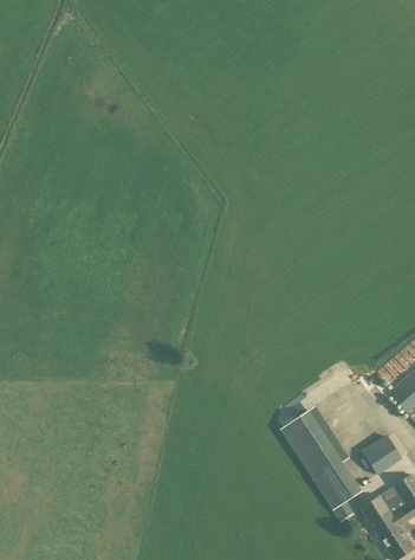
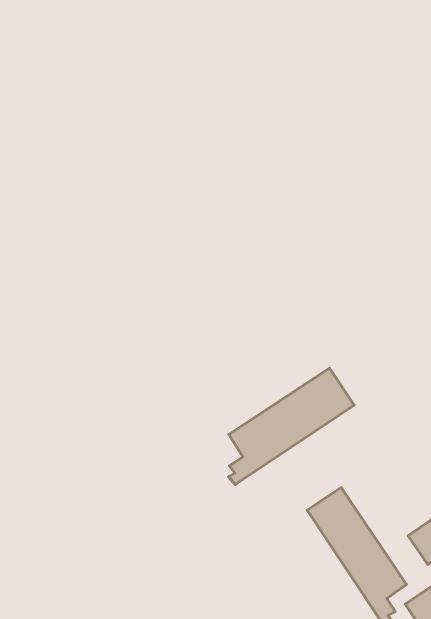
building: none -> [229,368,354,485]

